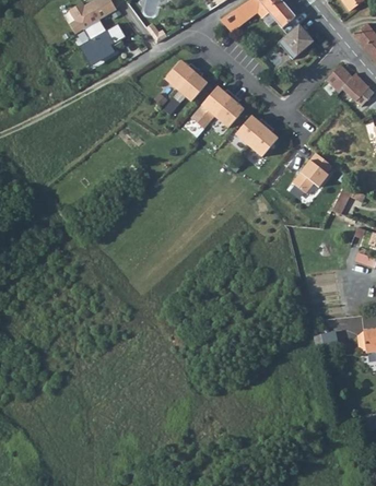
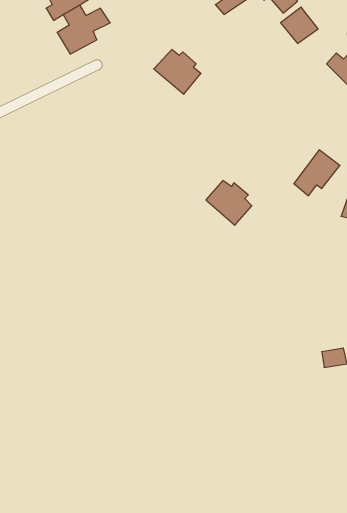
building: [202,86,244,128] -> none
building: [236,116,278,156] -> [206,180,252,225]

